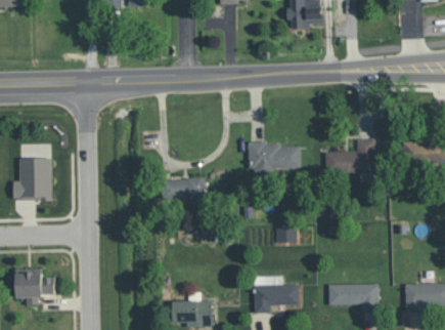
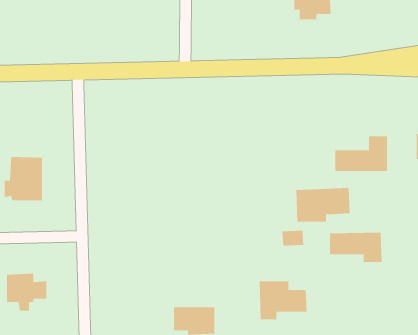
building: [249,142,301,175] -> [295,188,351,222]
building: [163,178,205,199] -> none
building: [328,283,379,312] -> [329,232,382,262]

